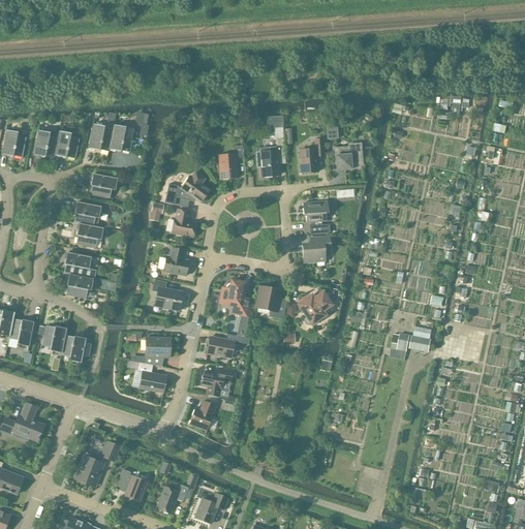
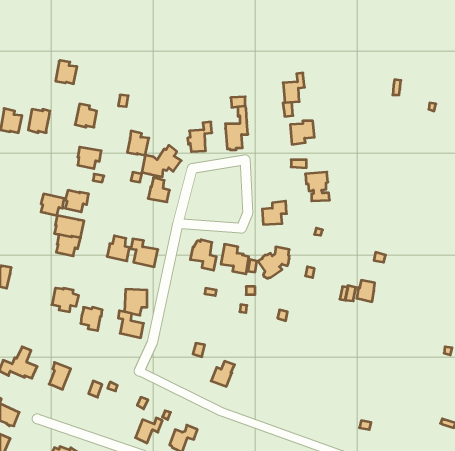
building: [109,124,133,152] -> [127,131,149,155]
building: [54,131,79,158] -> [56,60,77,84]
building: [299,138,323,173] -> [283,73,305,103]
building: [302,200,330,234] -> [305,172,330,201]
building: [73,201,100,226] -> [41,194,64,215]
building: [162,247,188,276] -> [107,236,130,261]
building: [8,319,33,346] -> none
building: [41,325,66,352] -> [81,307,102,331]
building: [207,337,234,357] -> none
building: [200,368,231,397] -> none
building: [188,401,215,430] -> [211,361,235,386]
building: [78,456,102,487] -> [49,362,71,389]
building: [116,469,147,501] -> none

